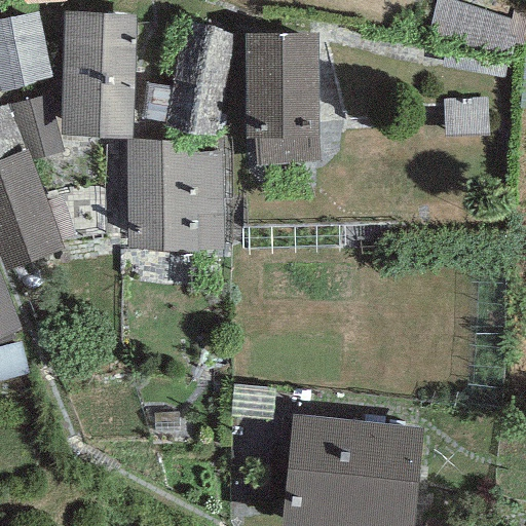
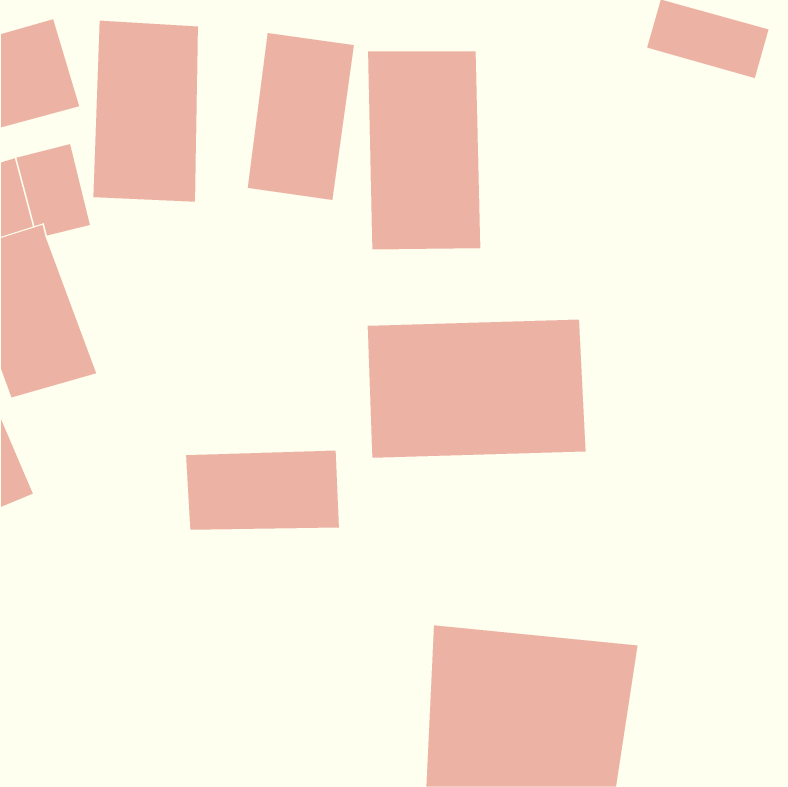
building: [125,140,227,253] -> none
building: none -> [367,319,586,458]
building: none -> [185,450,339,530]

